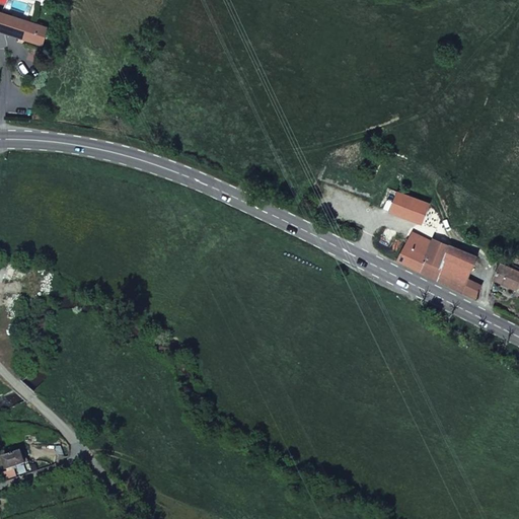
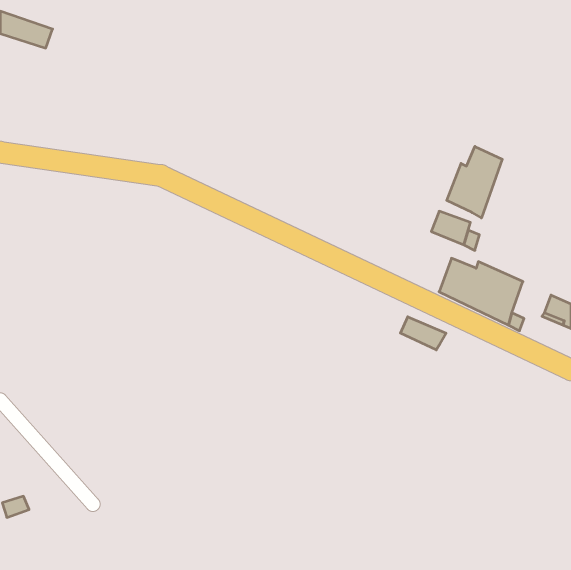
building: none -> [447,146,502,218]
building: none -> [400,317,446,350]

